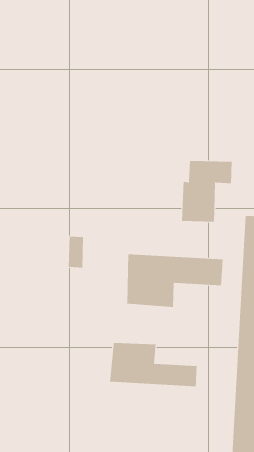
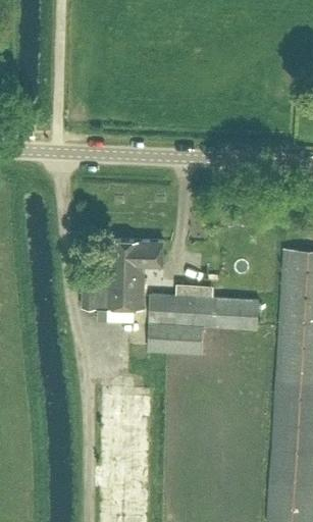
building: [181,161,233,222] -> [104,241,163,311]
building: [109,342,197,387] -> none

